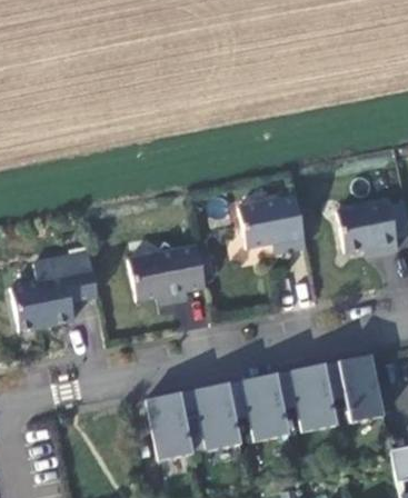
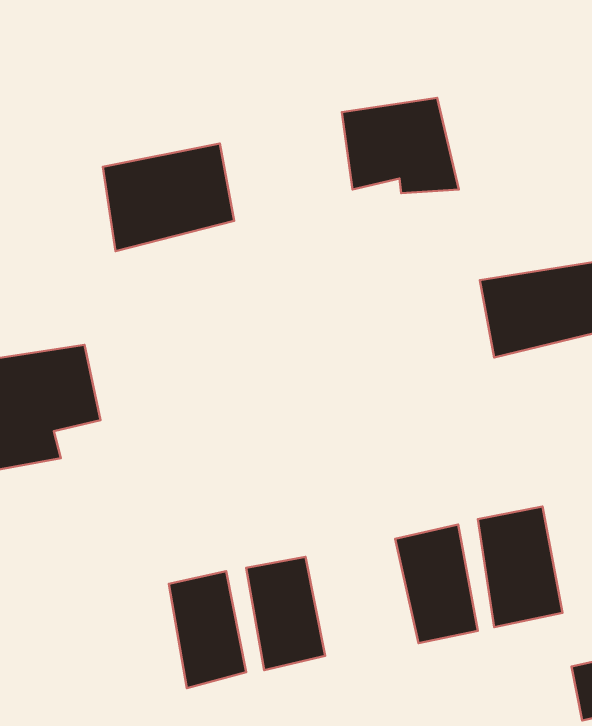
building: [238,195,310,253] -> [342,98,459,193]
building: [128,242,209,309] -> [103,143,234,251]
building: [240,371,288,440] -> none

